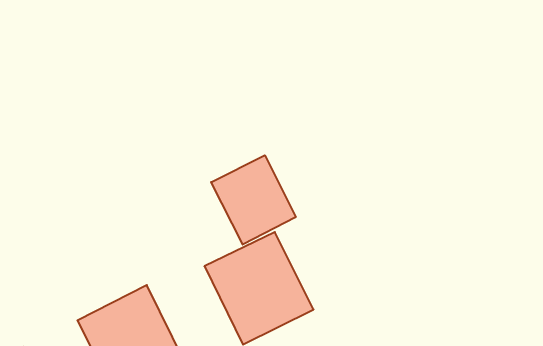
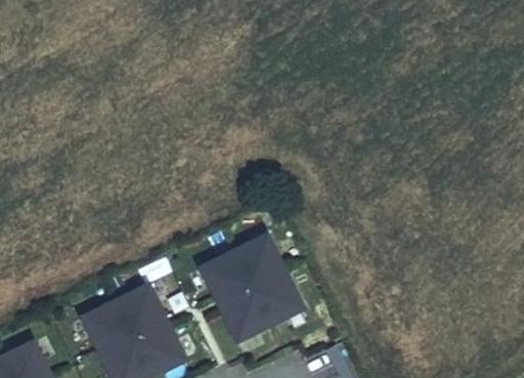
building: [211,155,296,245] -> none

